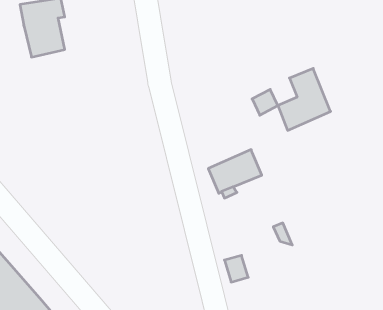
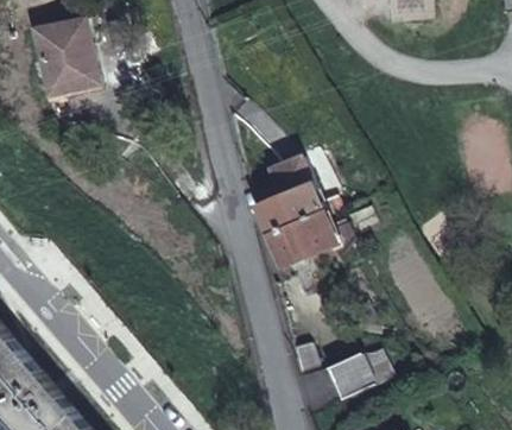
building: [278,68,331,130] -> [258,154,323,232]
building: none -> [328,349,373,396]

